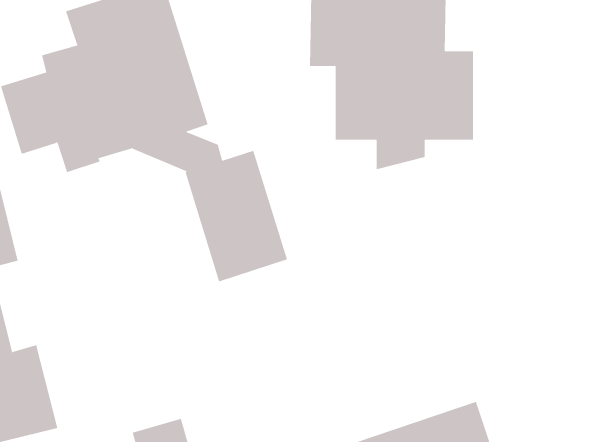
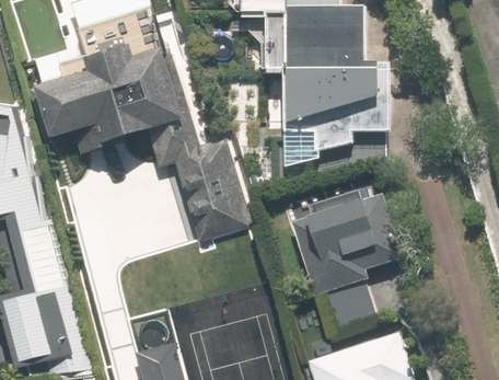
building: none -> [291,193,404,327]

